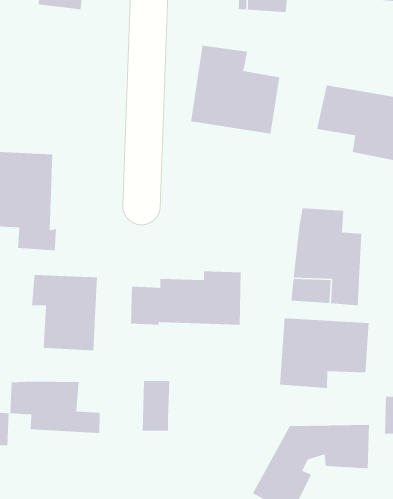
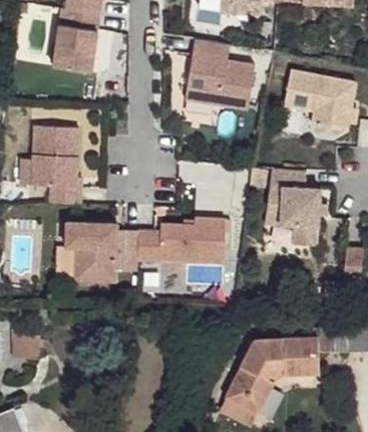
building: none -> [53,25,95,71]
building: [279,317,369,389] -> none
building: [142,380,170,432] -> [115,230,137,270]
building: [9,381,101,434] -> none

